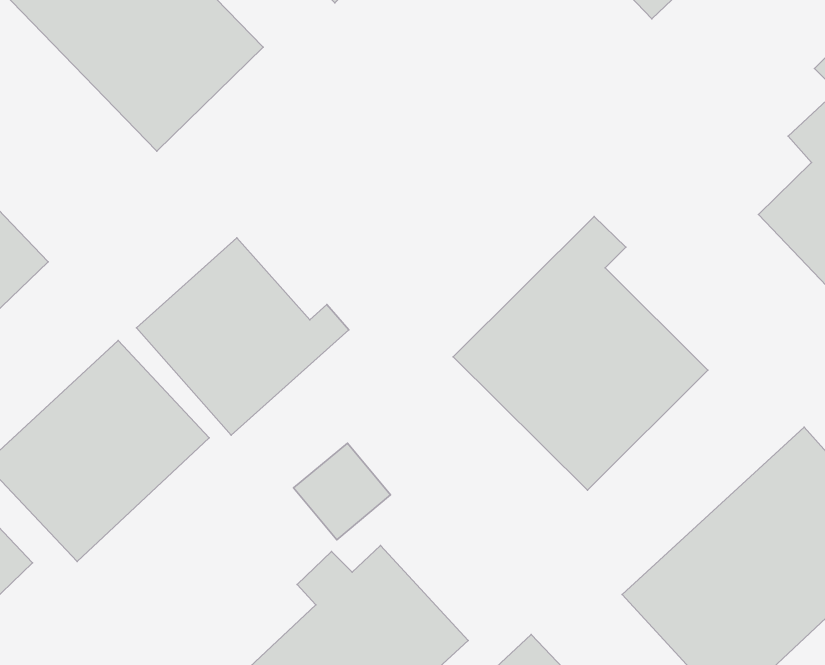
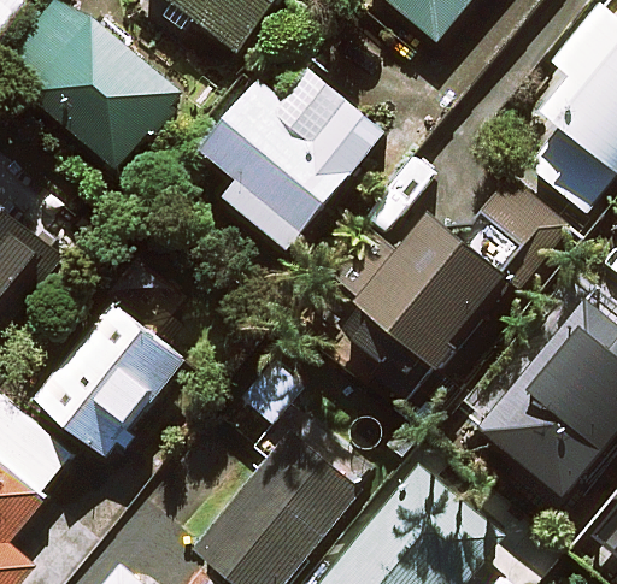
building: none -> [207,71,390,249]
building: [136,238,349,435] -> none

